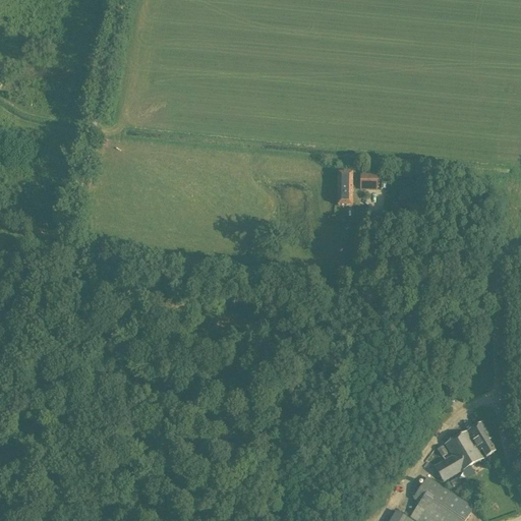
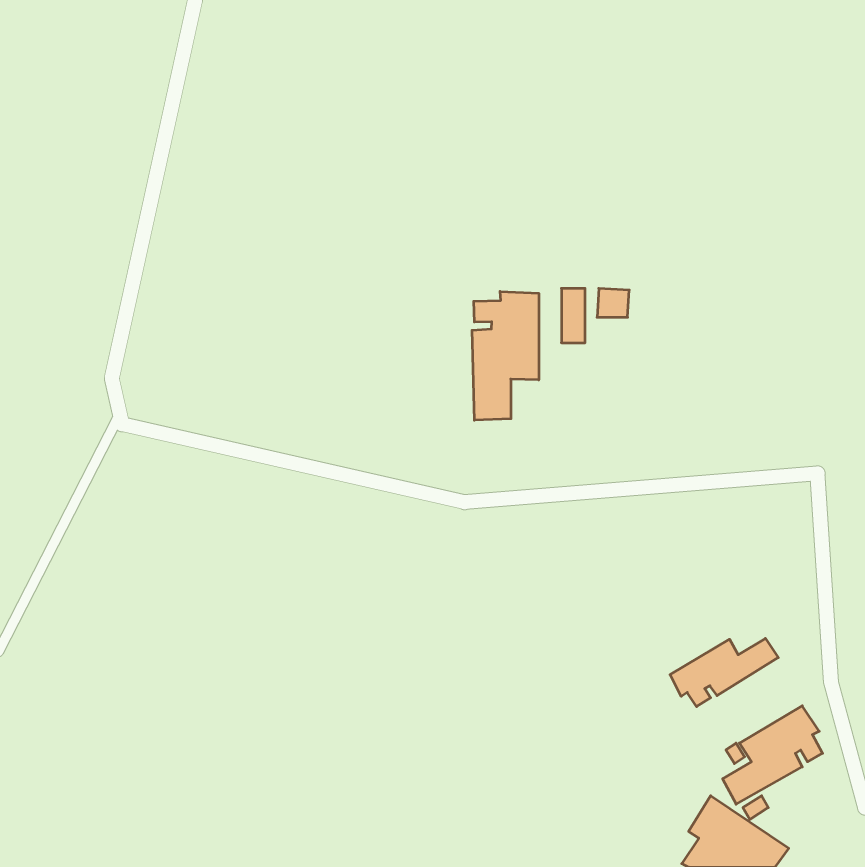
building: none -> [472,291,539,420]
building: none -> [670,638,778,707]

